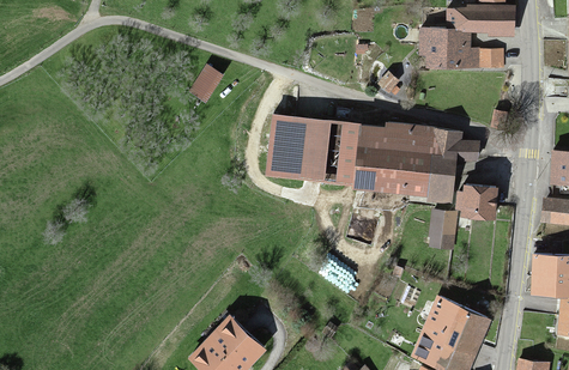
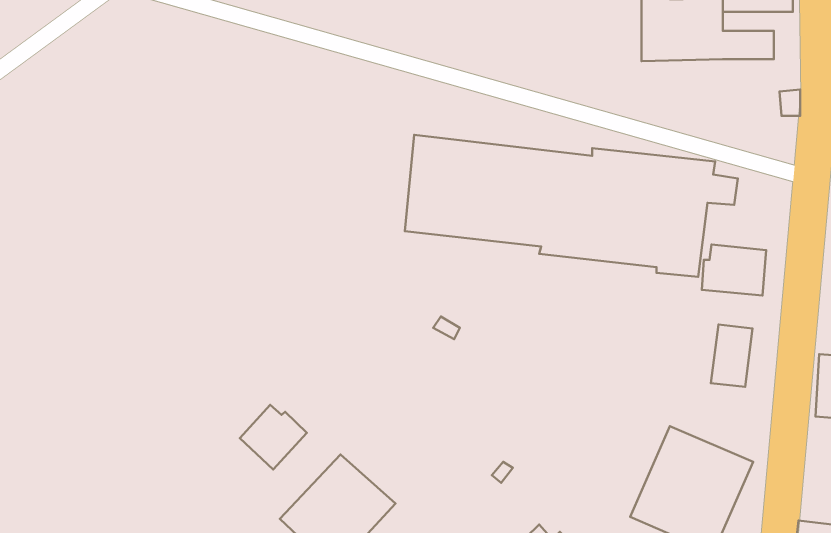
building: [190,65,222,98] -> none
building: [430,208,456,248] -> [711,325,753,387]
building: none -> [240,405,307,469]

